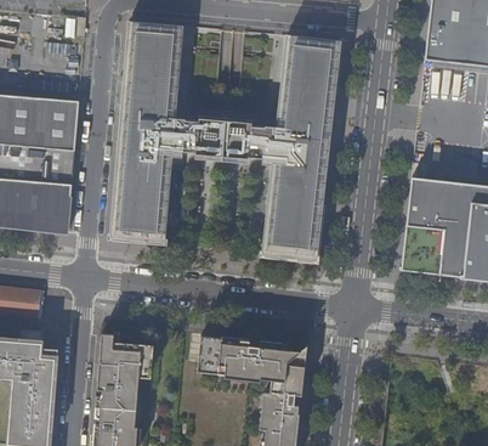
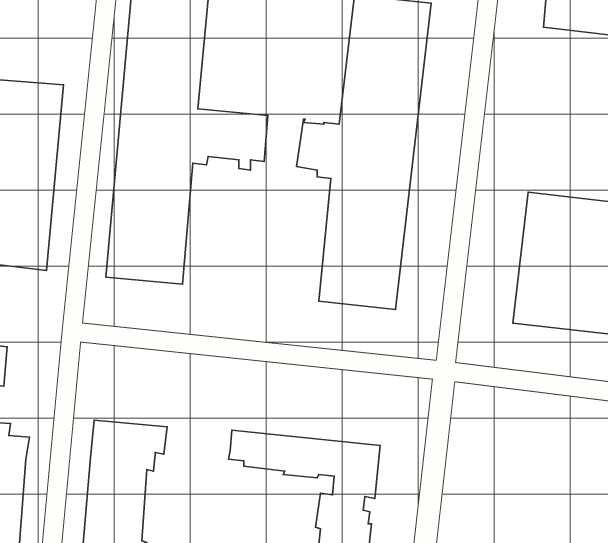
building: [223,123,251,165] -> none

